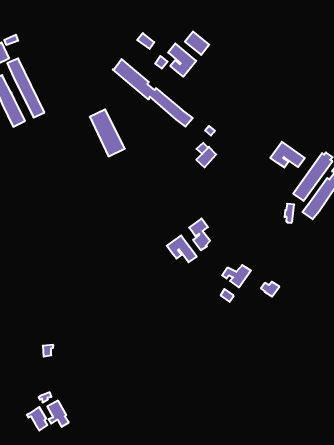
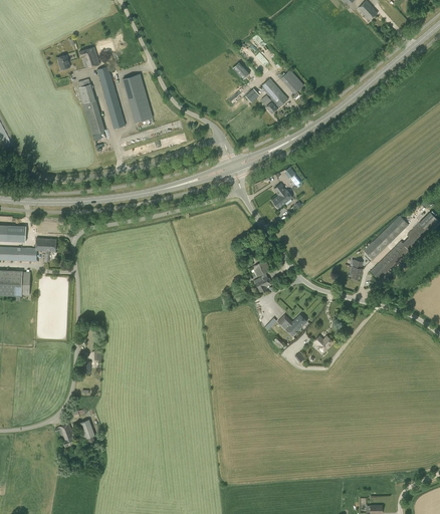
building: [113,59,193,127] -> none
building: [90,109,125,156] -> [122,74,152,122]
building: [270,142,305,168] -> none
building: [167,235,197,262] -> none

